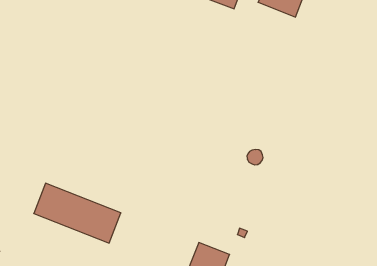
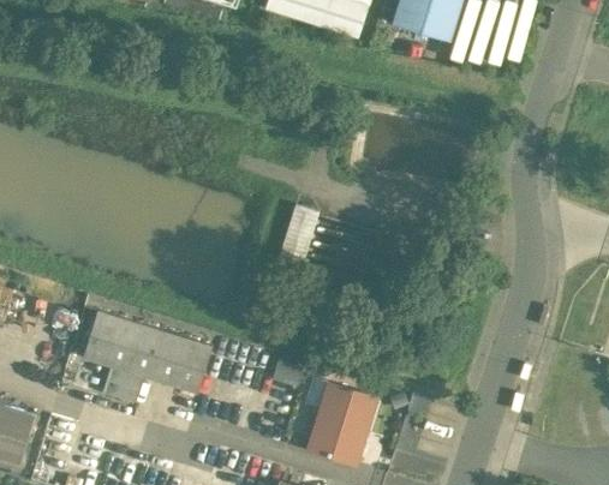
building: none -> [277,204,318,267]
building: none -> [102,366,142,403]

